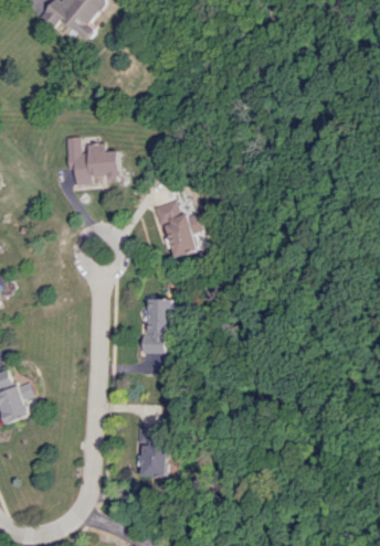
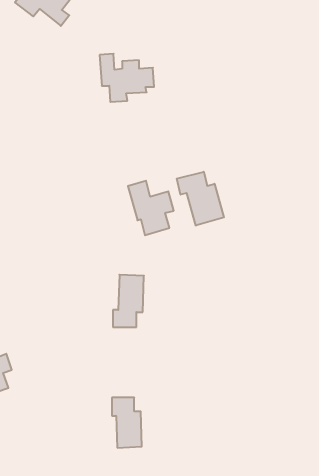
building: [61,137,117,186] -> [100,54,154,102]
building: none -> [177,172,224,226]

